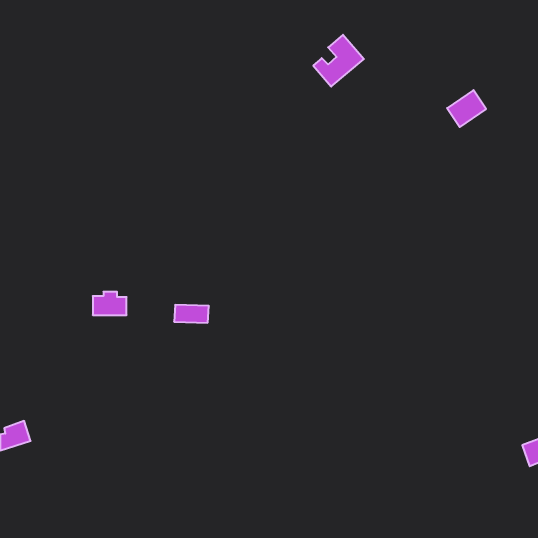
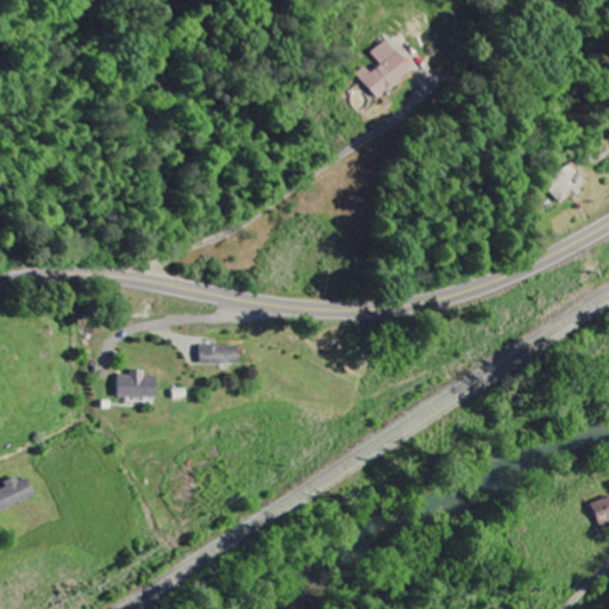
building: [447,90,486,127] -> [542,162,586,203]
building: [93,292,127,315] -> [118,370,156,396]

